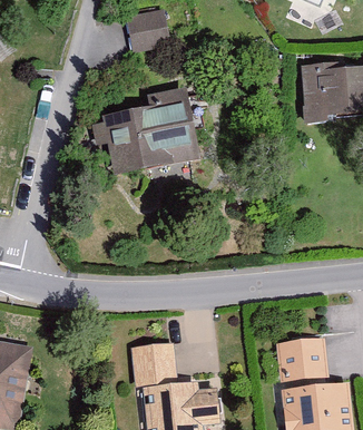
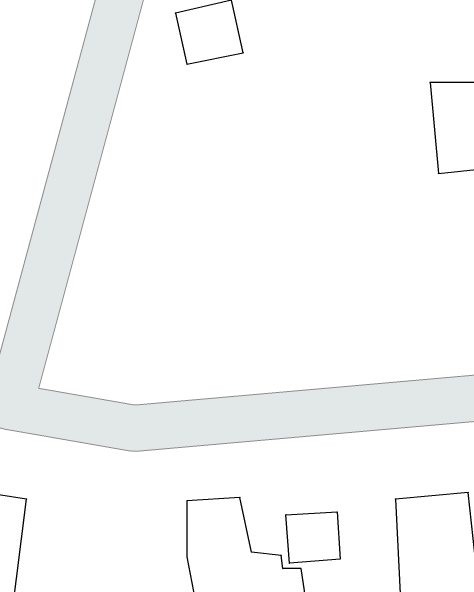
building: [98,92,204,170] -> none
building: none -> [286,512,340,563]

